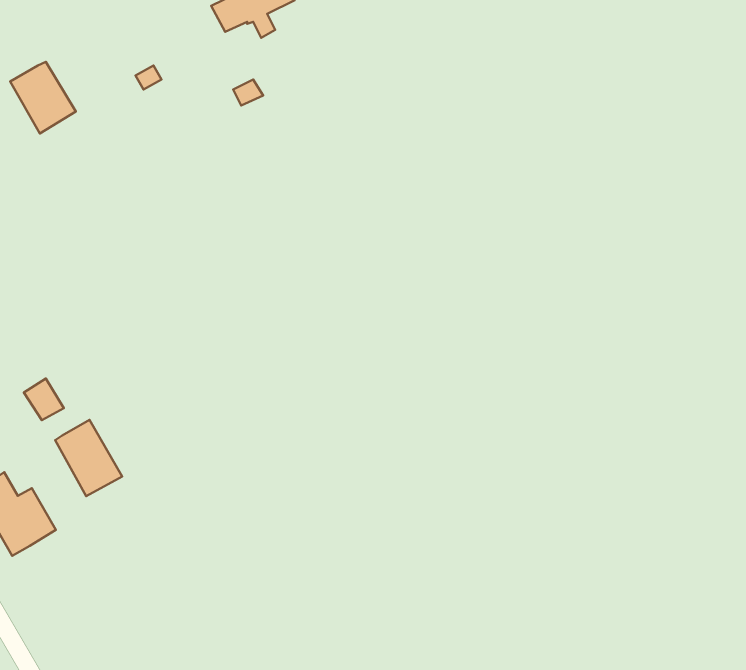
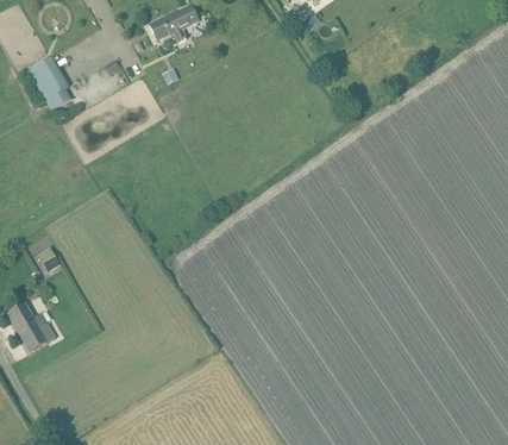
building: [55,420,122,496] -> none

